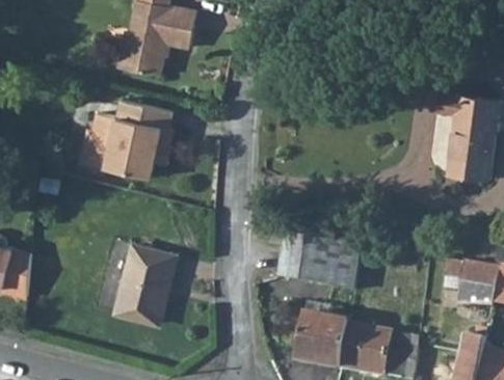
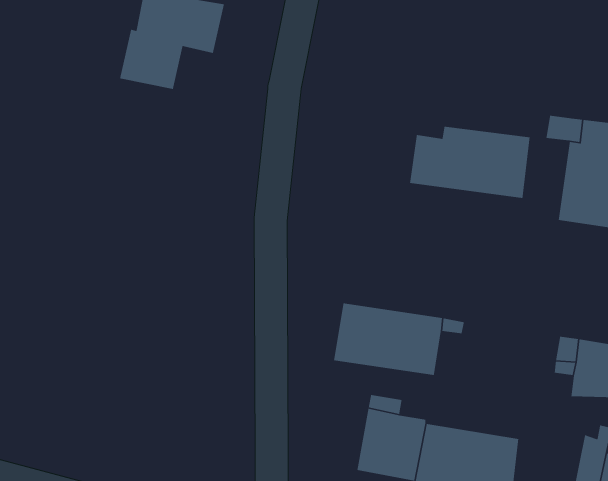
building: [84,99,175,177] -> none
building: none -> [409,126,530,199]
building: [115,244,175,322] -> none

